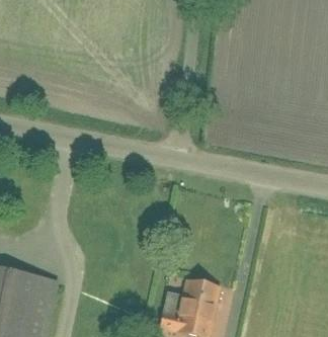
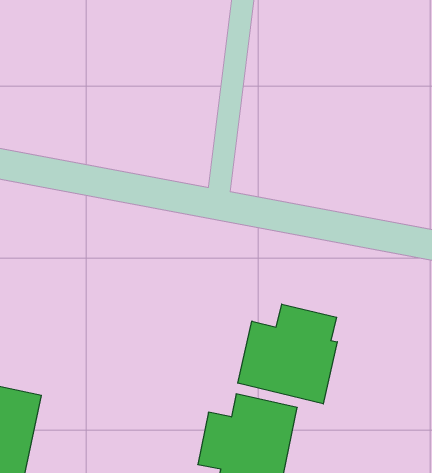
building: none -> [238,304,337,404]

